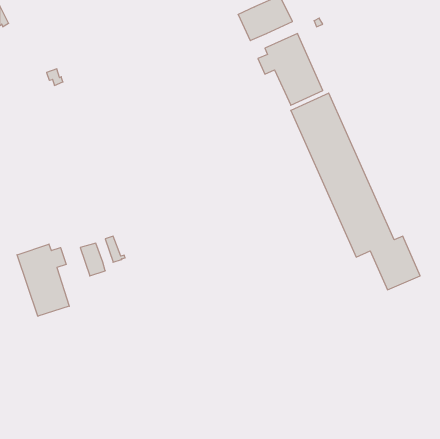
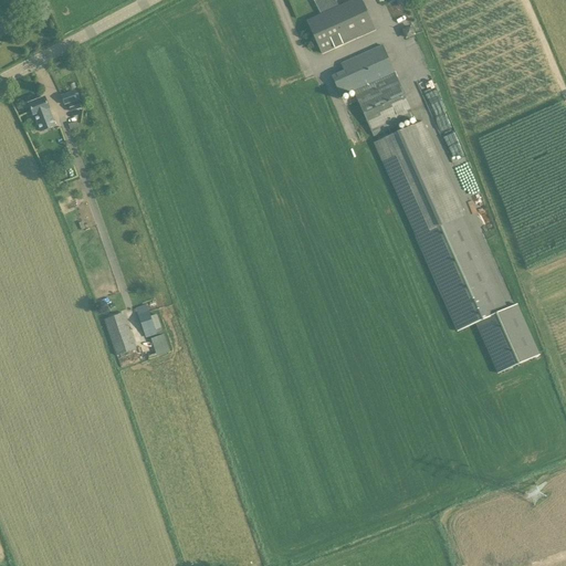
building: none -> [28,96,53,129]
building: [17,244,69,316] -> none

